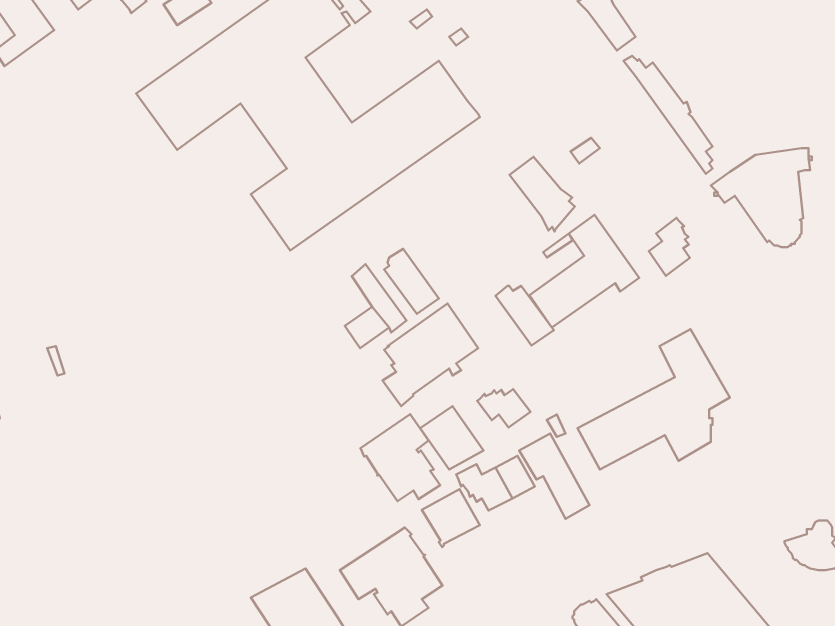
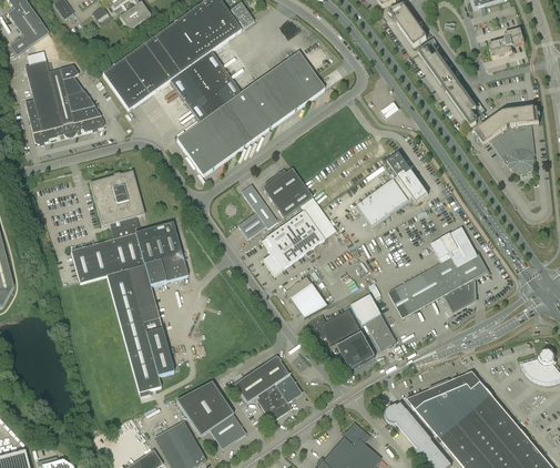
building: none -> [489,28,525,58]
building: none -> [24,60,105,143]
building: [510,157,575,232] -> none
building: [649,218,690,276] -> none
building: none -> [71,170,187,393]
building: [496,286,554,346] -> [275,167,313,206]
building: [477,389,530,427] -> none
building: [361,414,440,501] -> none
building: [422,489,480,547] -> [337,332,375,369]

